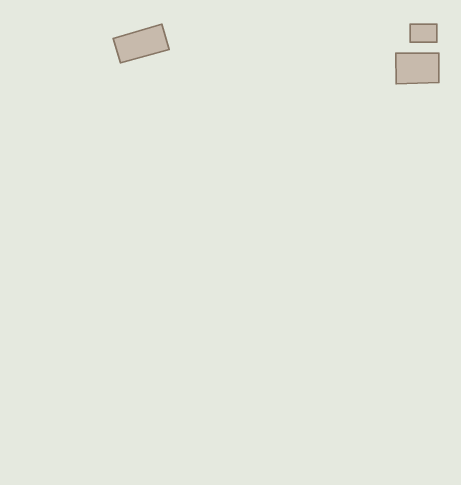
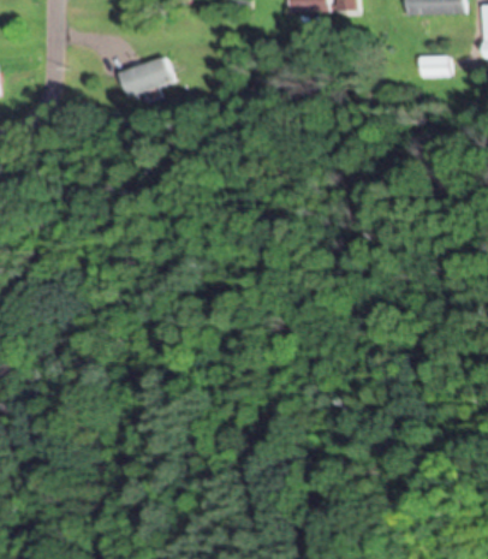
building: [396,53,439,84] -> none

